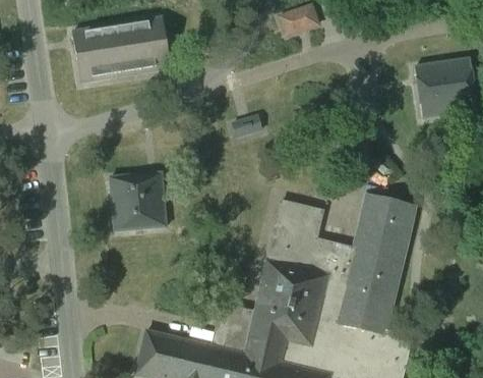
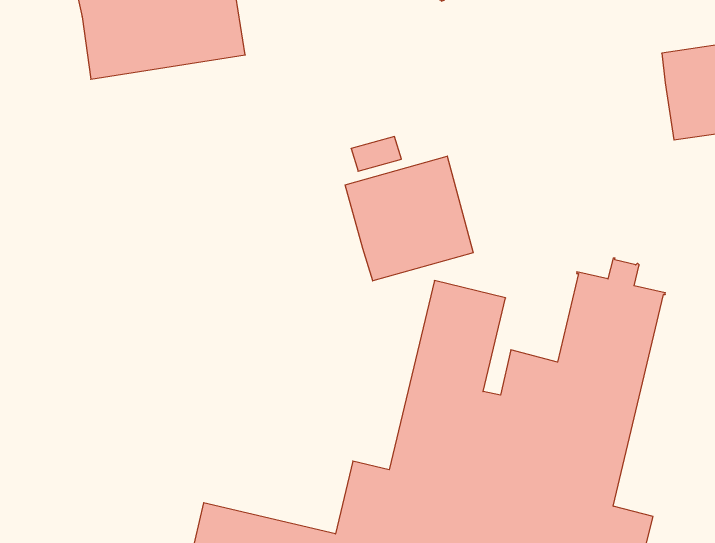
building: none -> [345,156,473,281]
building: [110,172,167,230] -> none

